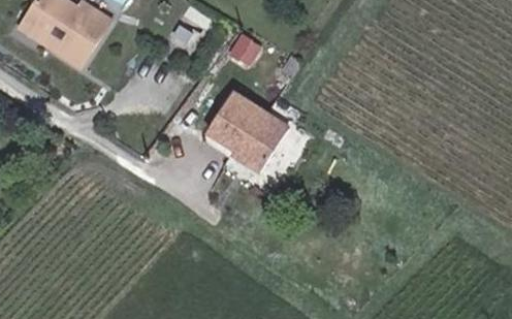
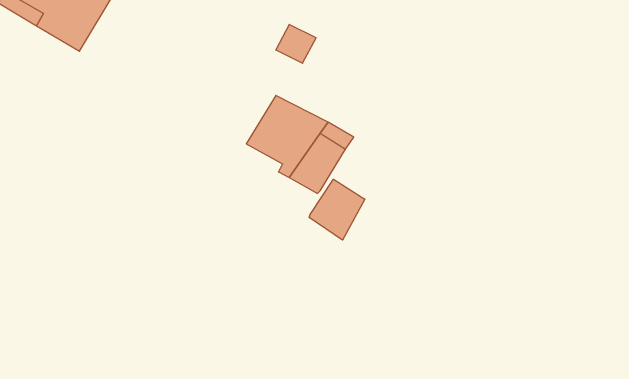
building: none -> [309,179,365,240]

